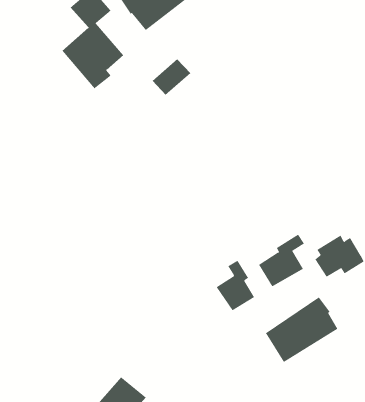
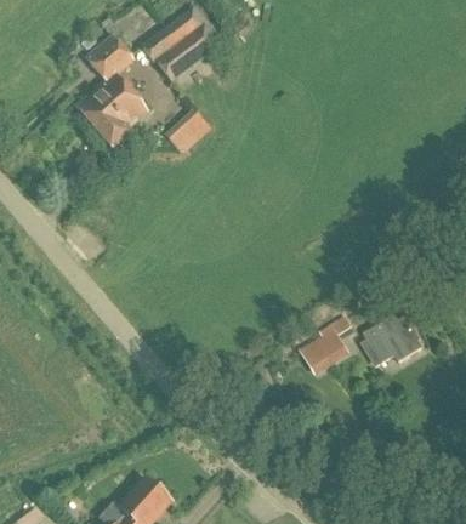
building: [216,260,255,311] -> none
building: [265,297,338,363] -> none

